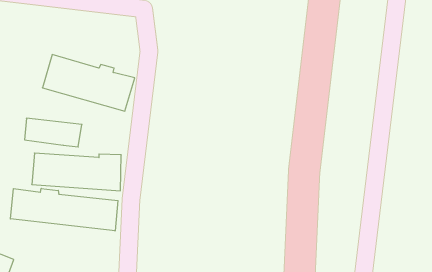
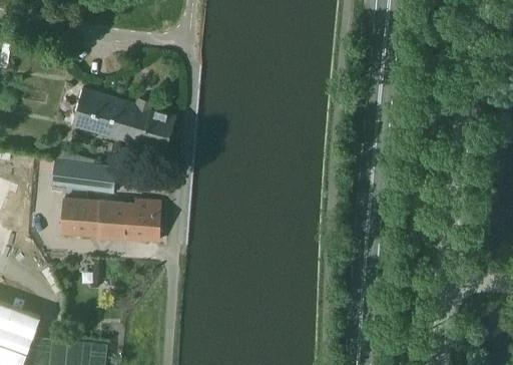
building: [10,188,118,231] -> none

